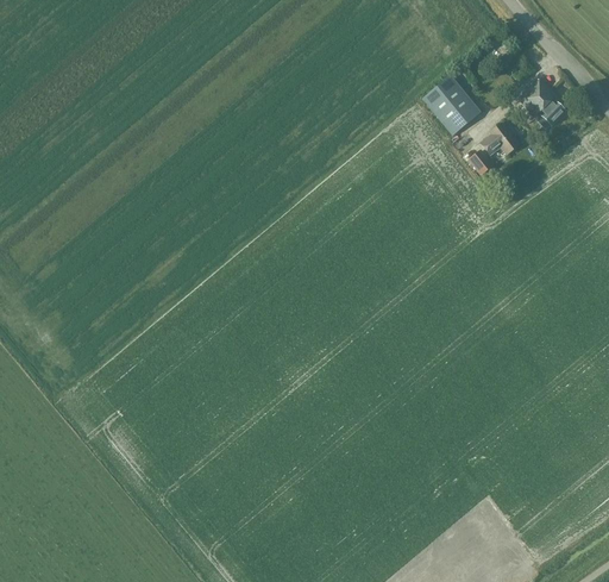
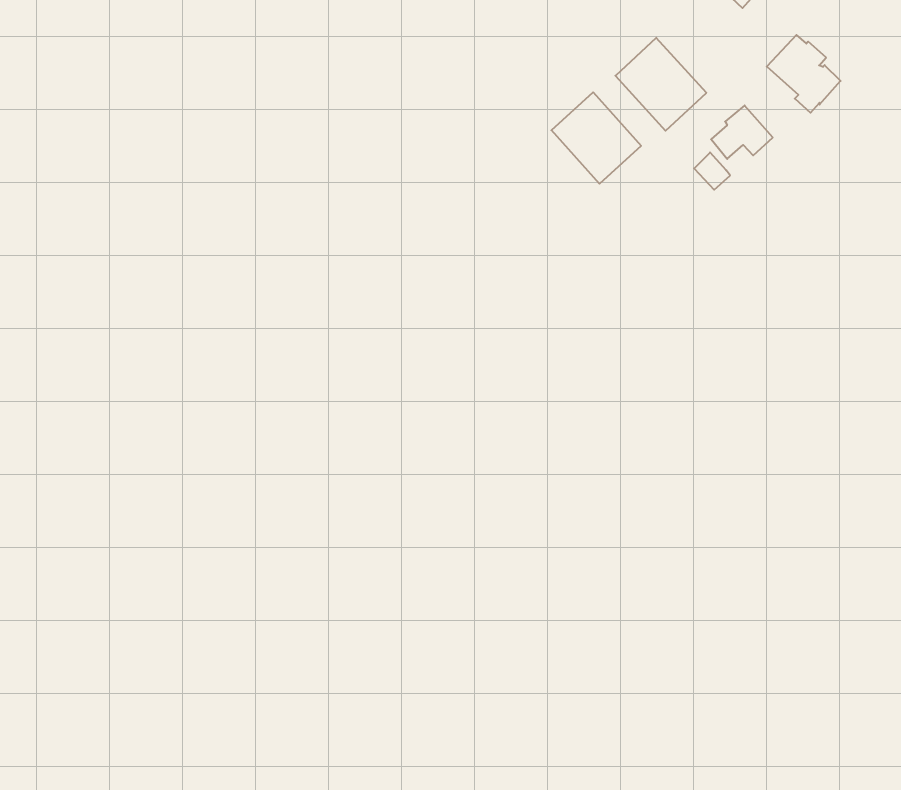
building: none -> [551,92,641,184]

